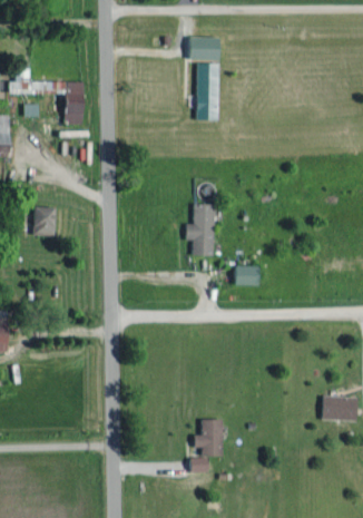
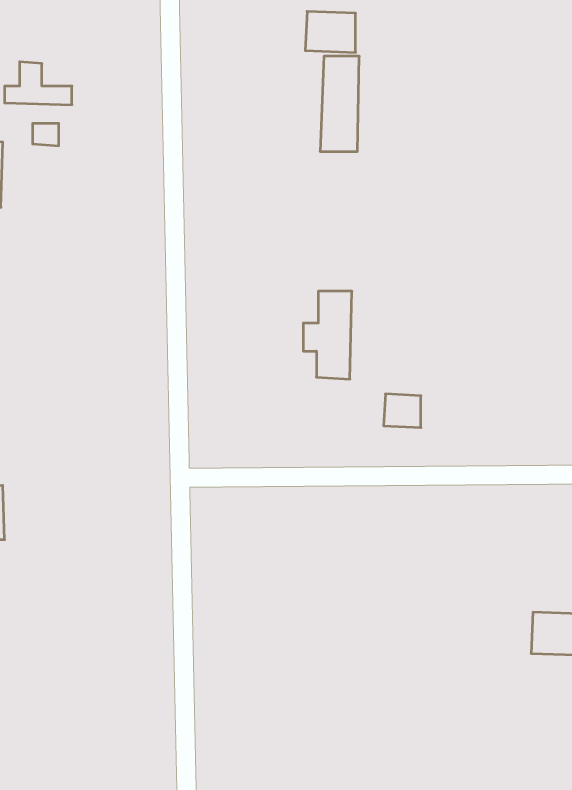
building: [62,81,84,123] -> none
building: [33,207,56,235] -> none
building: [189,419,224,472] -> none

